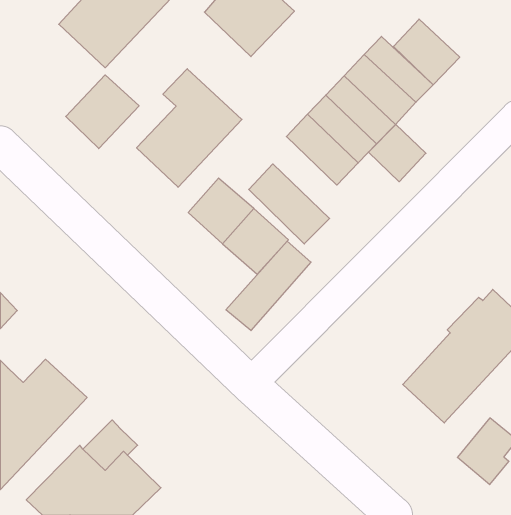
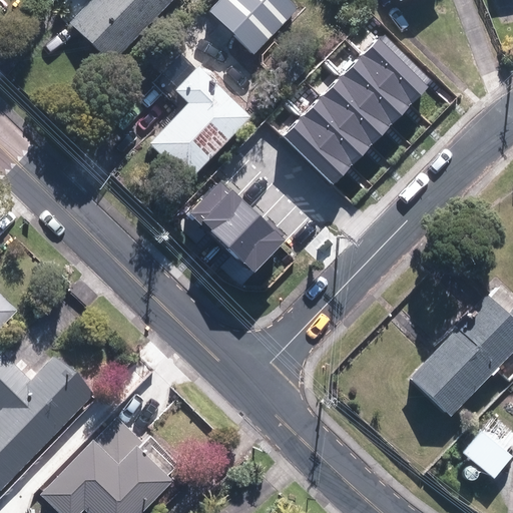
building: [393,19,460,85] -> none
building: [66,75,139,149] -> none
building: [368,124,426,182] -> none
building: [249,164,330,244] -> none
building: [226,241,311,331] -> none

